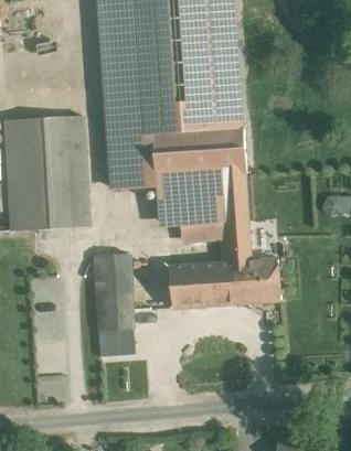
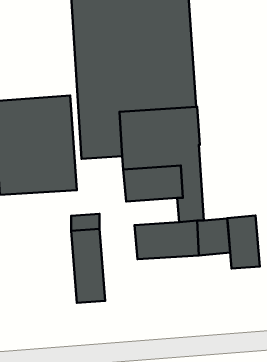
building: none -> [227,216,260,268]

